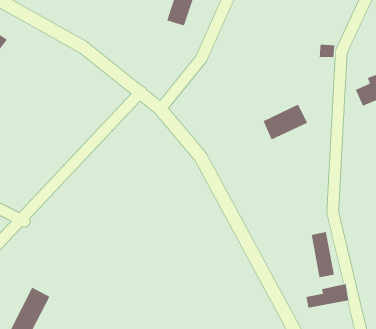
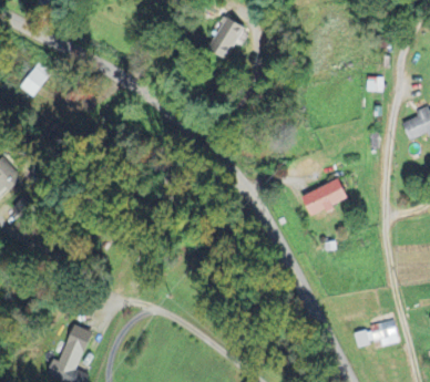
building: [262,104,308,141] -> [303,178,349,216]
building: [311,231,335,278] -> none

